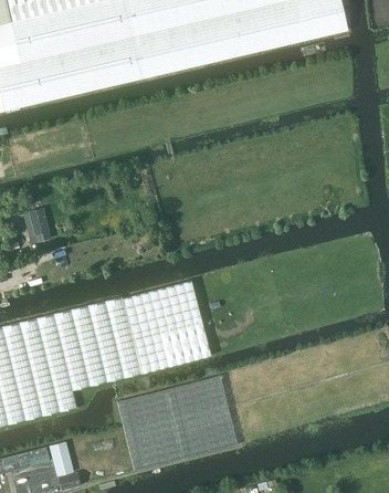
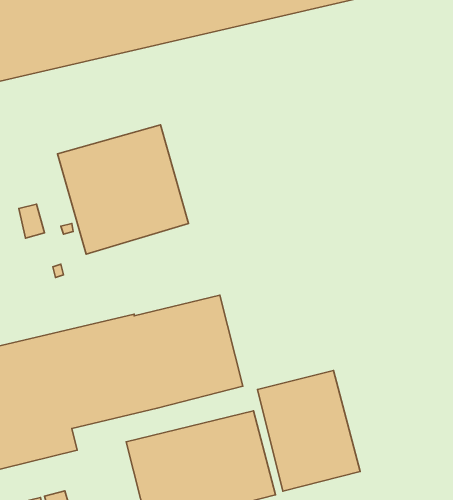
building: none -> [57,125,188,254]
building: none -> [257,371,360,491]

